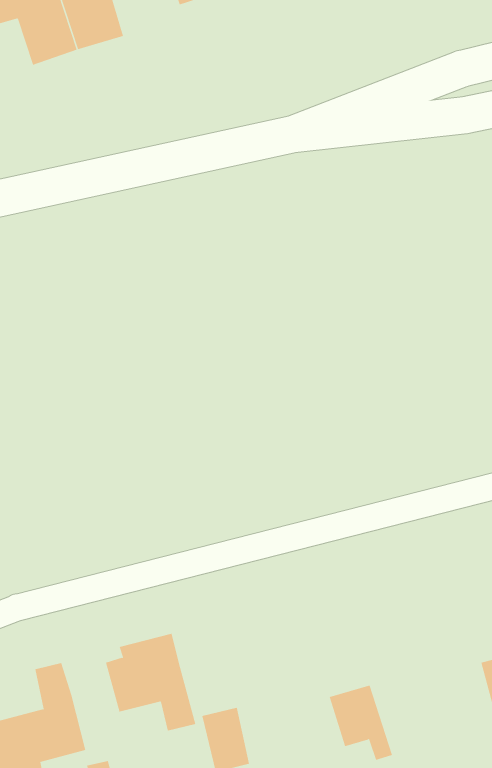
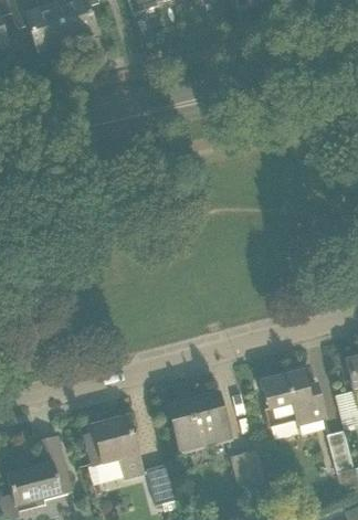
building: none -> [261,369,326,425]
building: none -> [168,391,230,453]

